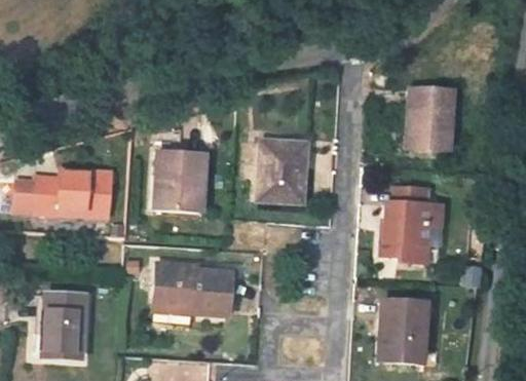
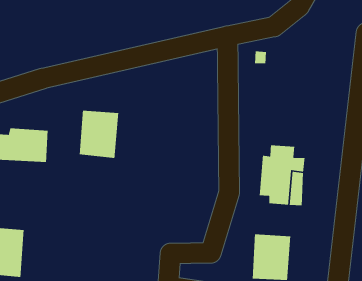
building: [407,87,453,148] -> none
building: [257,138,306,199] -> none
building: [154,266,232,321] -> none

